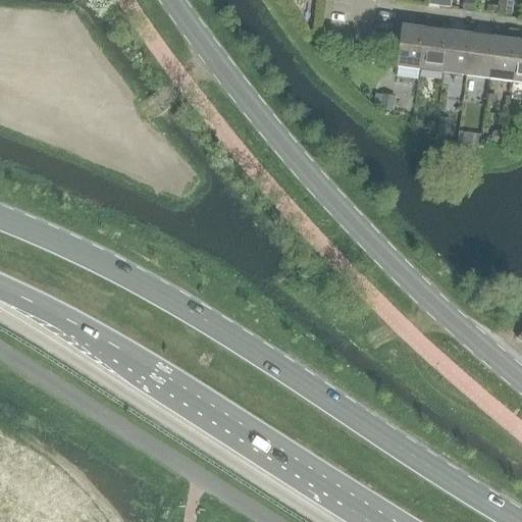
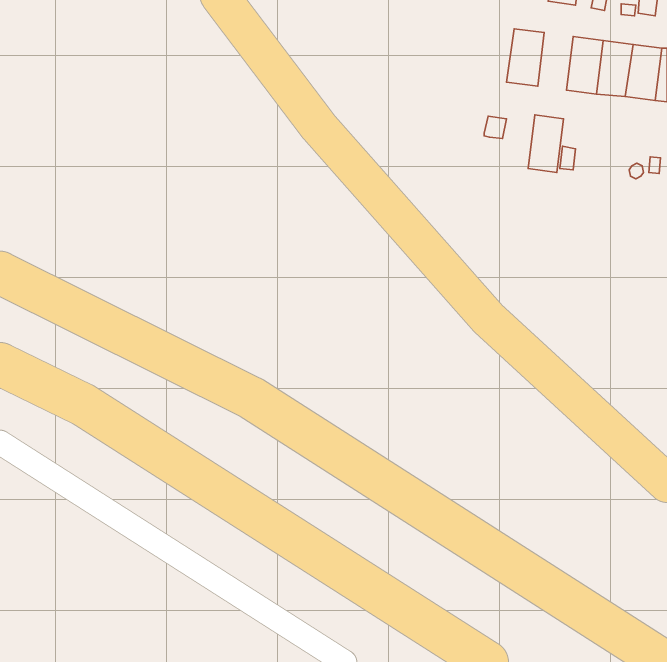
building: [420,25,448,70] -> [528,115,563,172]

